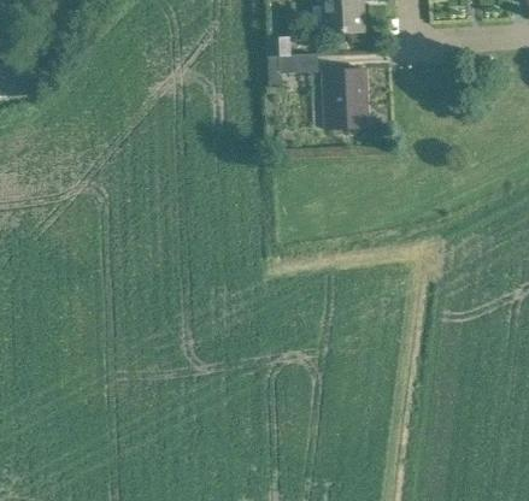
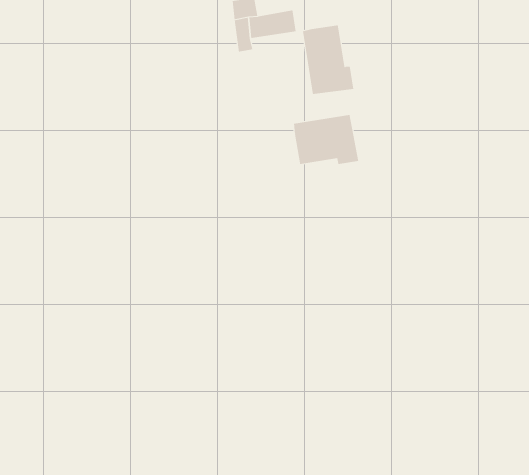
building: none -> [293,114,359,165]

